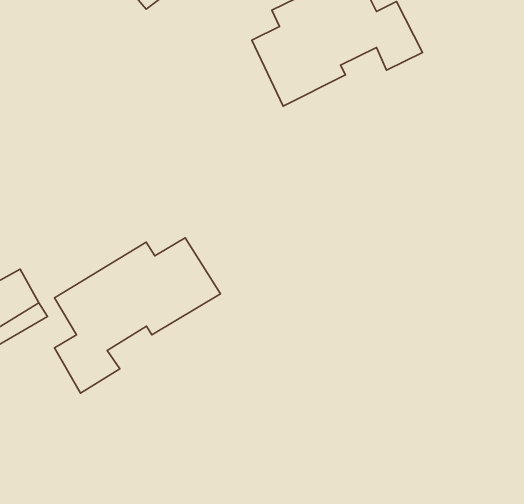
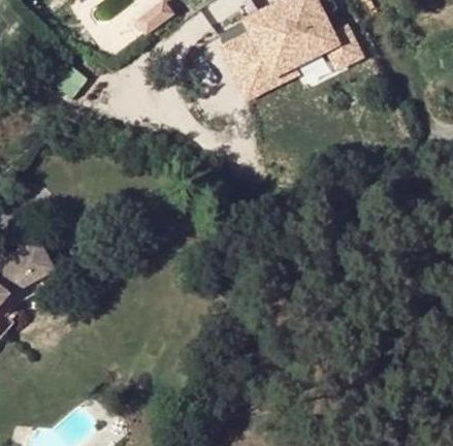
building: [54,238,220,393] -> none

